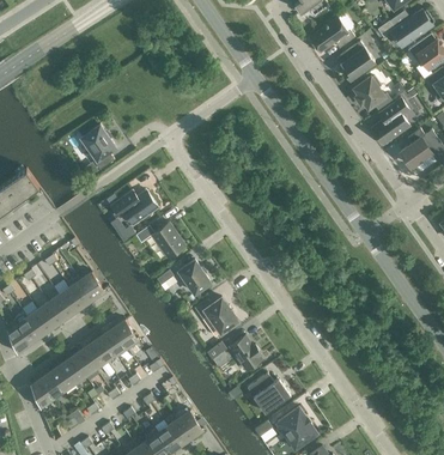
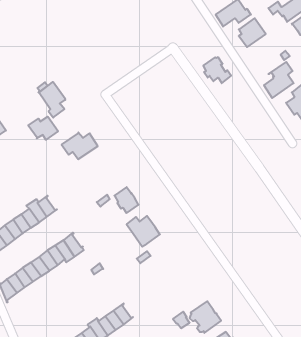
building: [354,78,390,111] -> [203,57,231,83]
building: none -> [28,117,58,140]
building: [135,224,184,260] -> none
building: [229,336,261,371] -> none
building: [247,375,290,414] -> none

